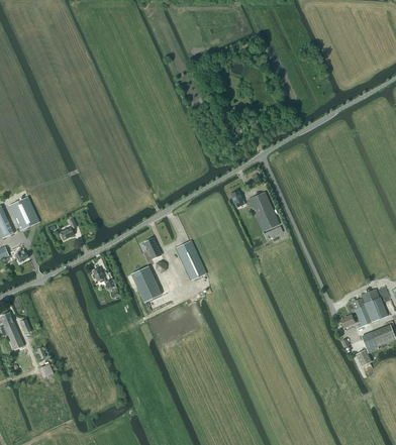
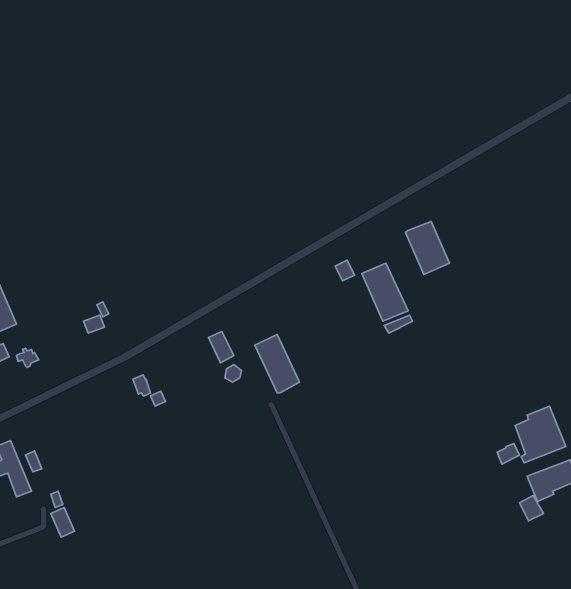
building: none -> [406,221,449,274]
building: [8,197,39,230] -> none
building: [130,266,161,302] -> none

